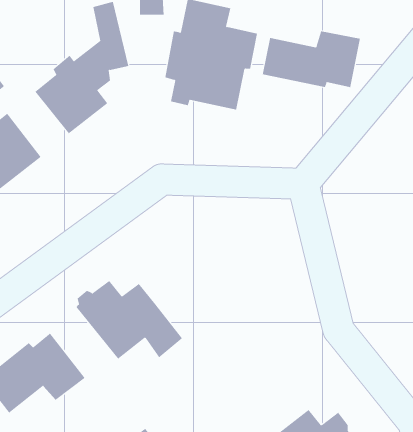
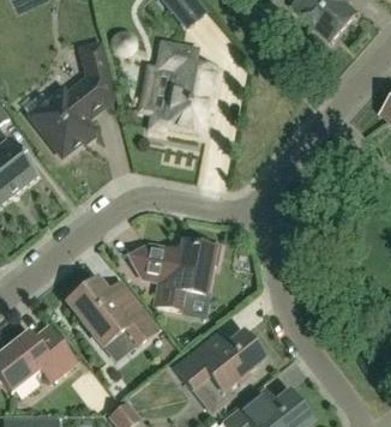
building: [262,30,360,88] -> none
building: none -> [130,240,218,311]
building: none -> [173,330,263,393]

